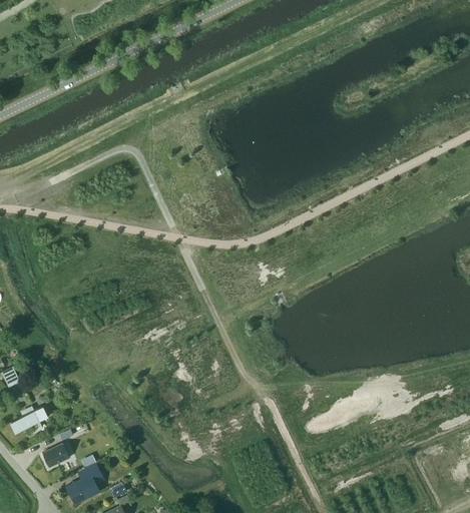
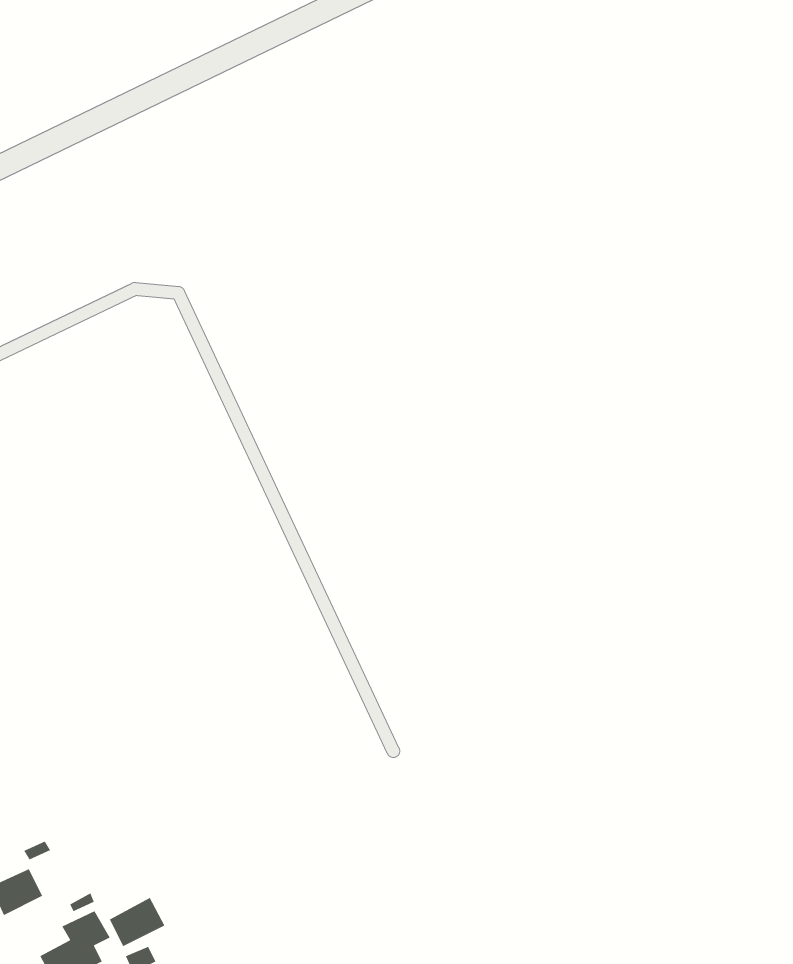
building: none -> [109,897,166,947]

